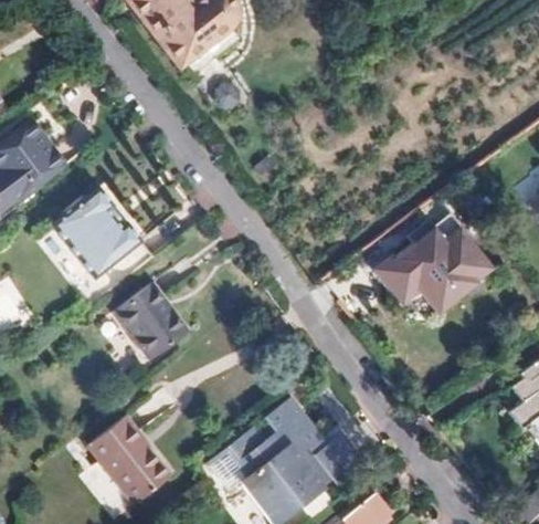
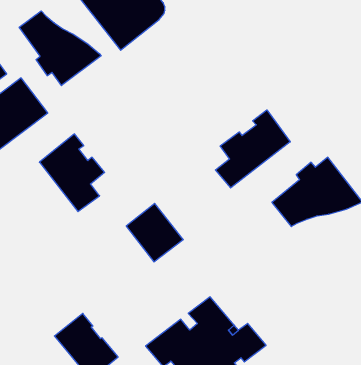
building: none -> [19,11,101,86]
building: none -> [215,110,290,188]
building: [110,286,186,364] -> [126,203,183,262]

